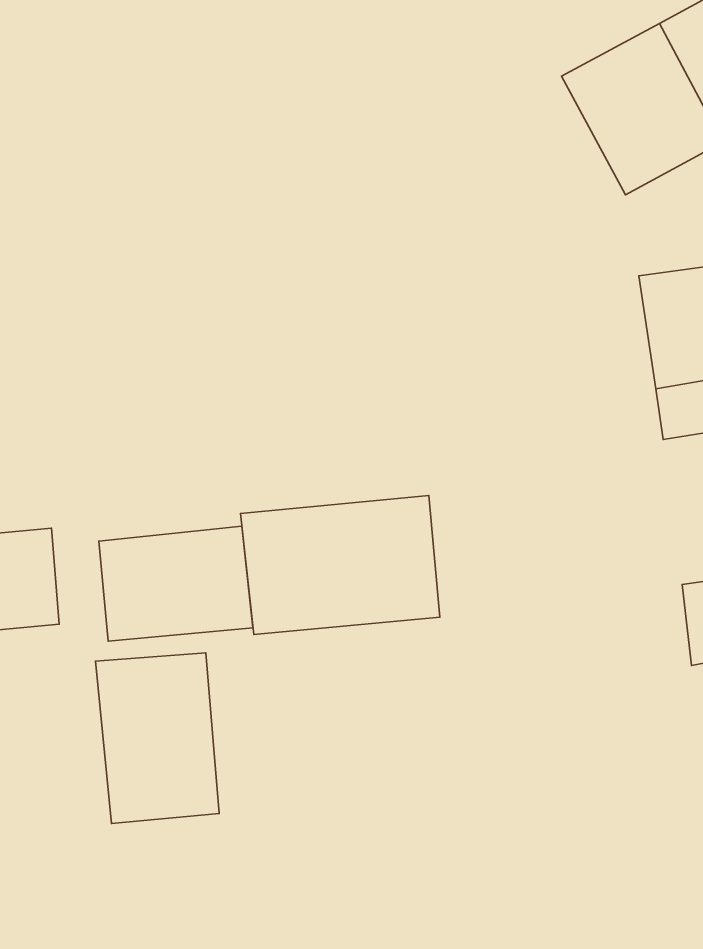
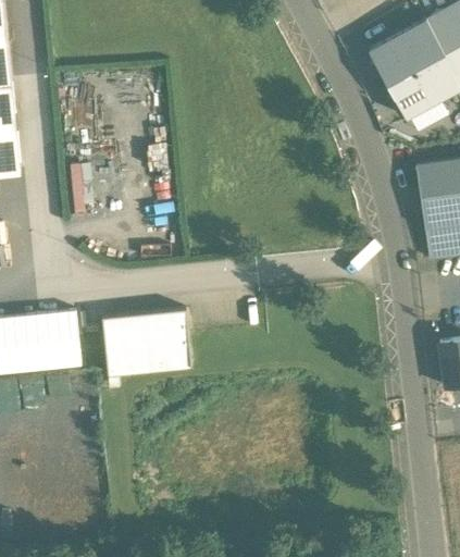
building: [241,496,440,634] -> none
building: [96,653,219,824] -> none

